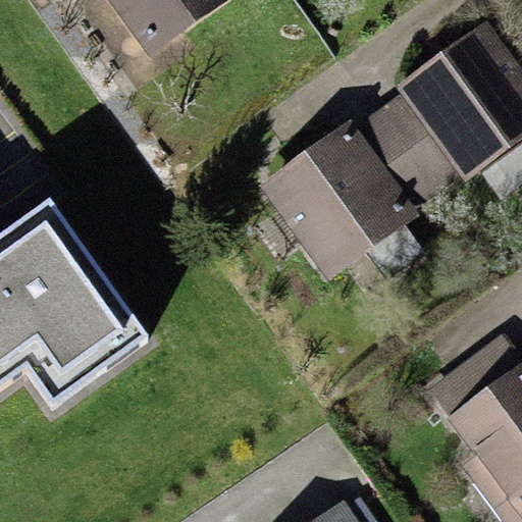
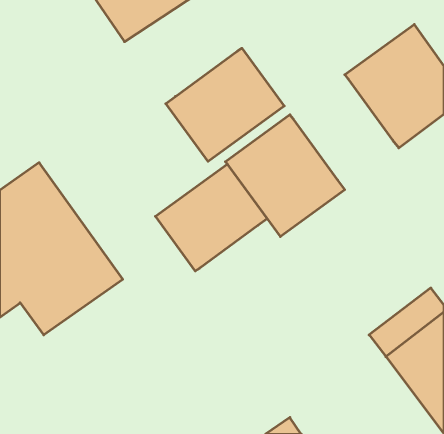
building: none -> [166,48,284,161]
building: [344,93,460,211] -> none
building: none -> [155,164,267,271]

